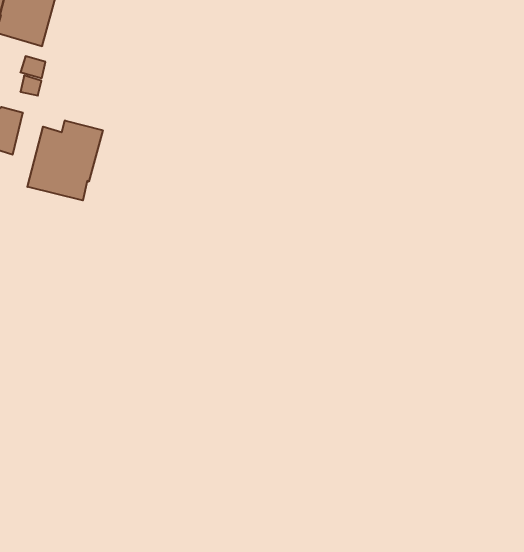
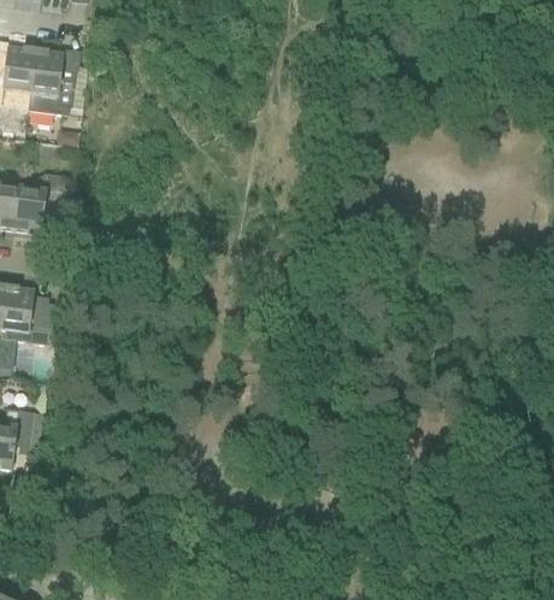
building: [27,120,103,200] -> none

